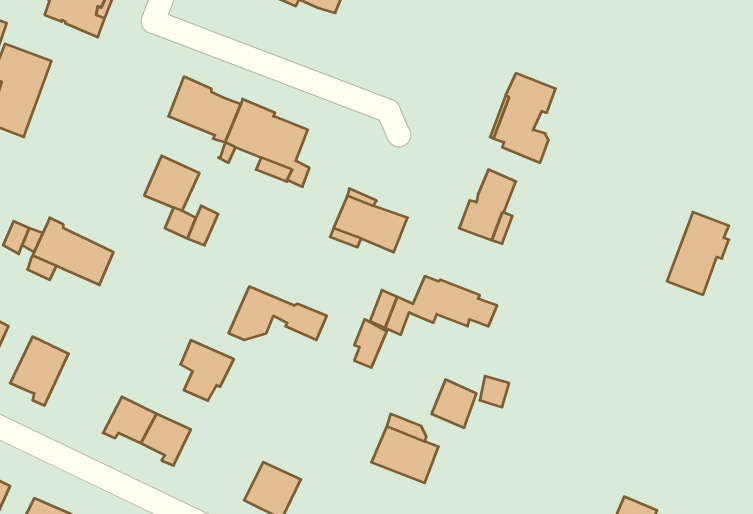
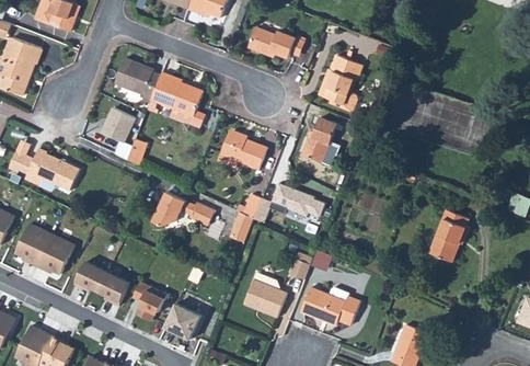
building: none -> [249,27,296,58]
building: [667,212,729,295] -> [428,209,468,262]
building: [180,340,234,401] -> [132,282,166,320]
building: none -> [36,233,73,274]
building: none -> [300,287,359,324]

